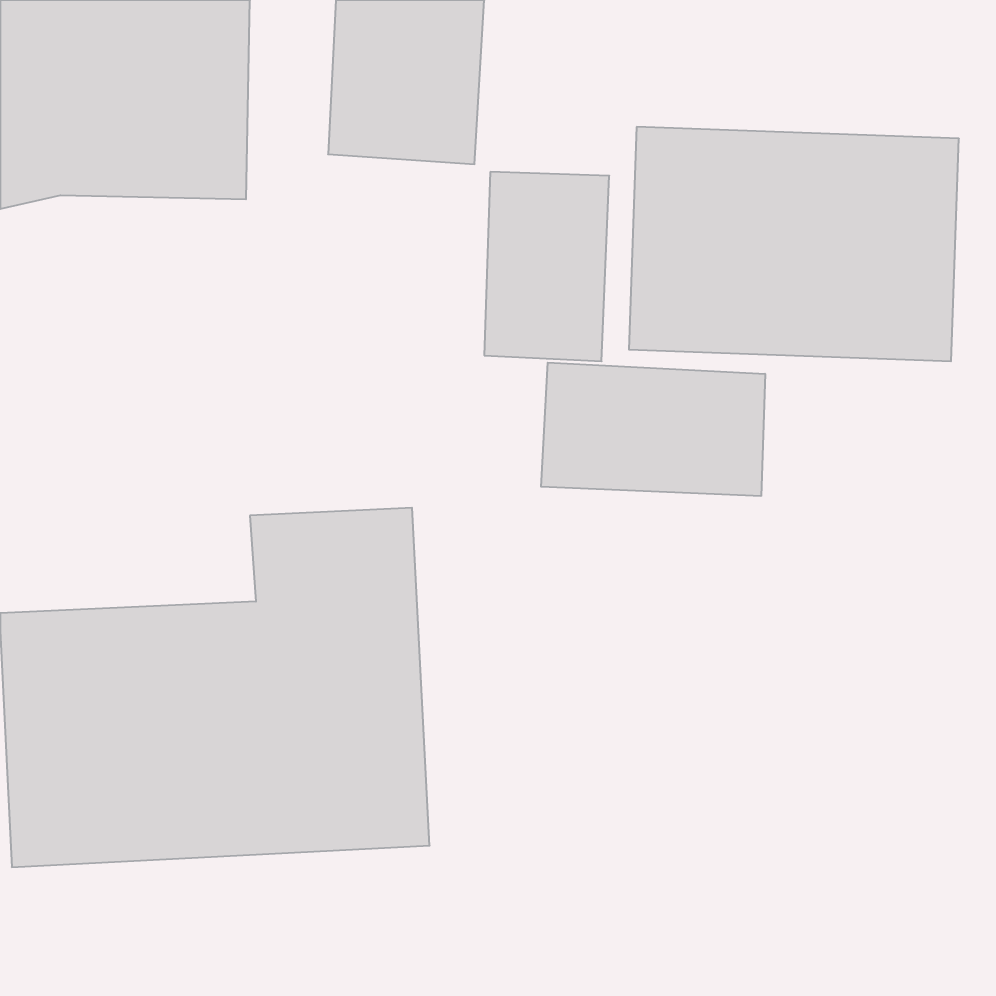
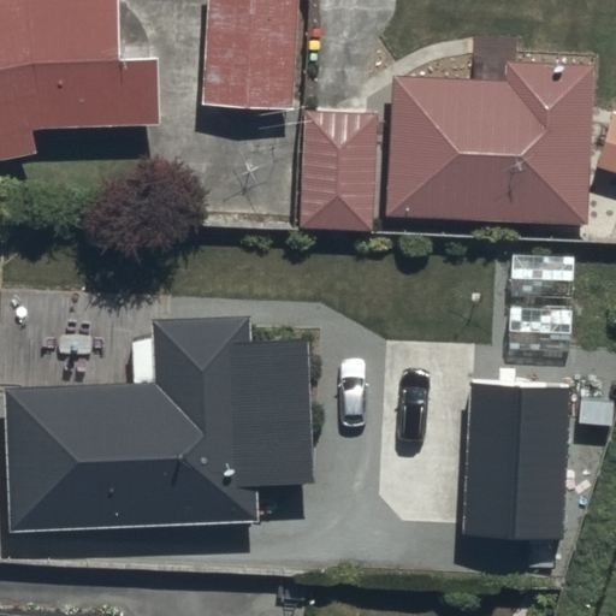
building: [541,363,765,496] -> none
building: none -> [461,381,571,538]

